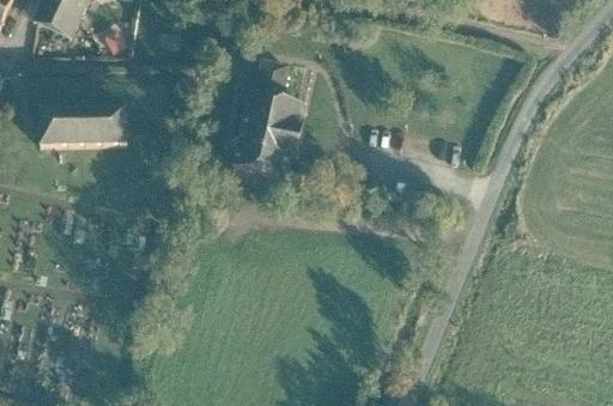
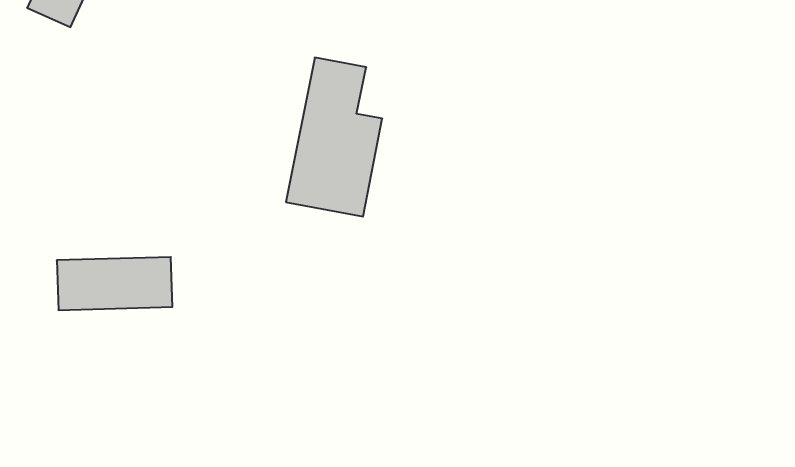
building: [48,103,134,143] -> [57,257,172,310]

